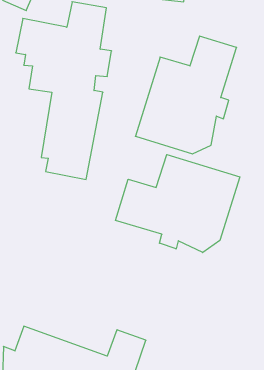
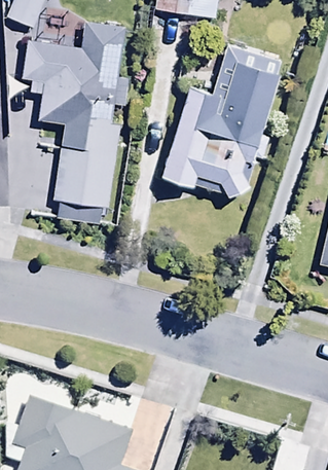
building: [116,155,240,253] -> none

